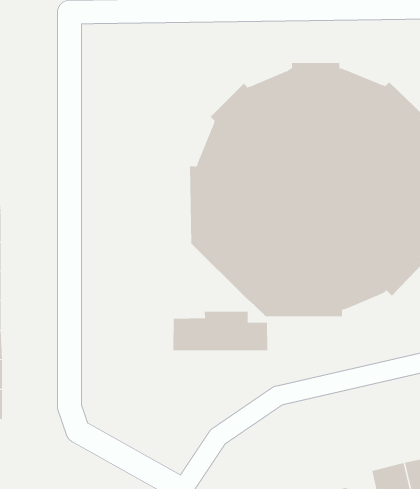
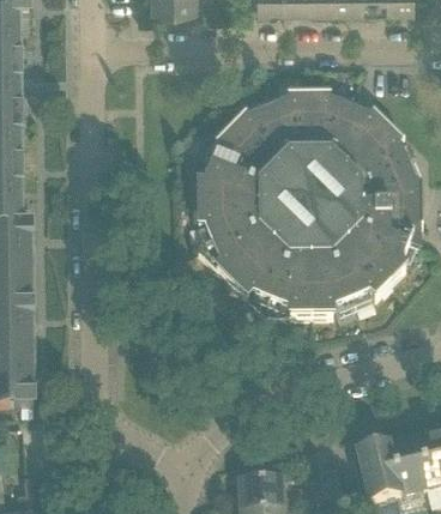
building: [173,311,268,351] -> none

